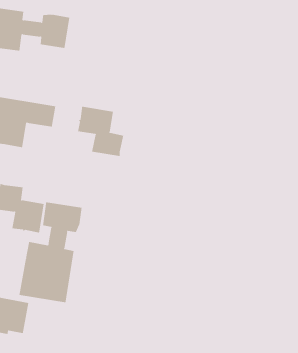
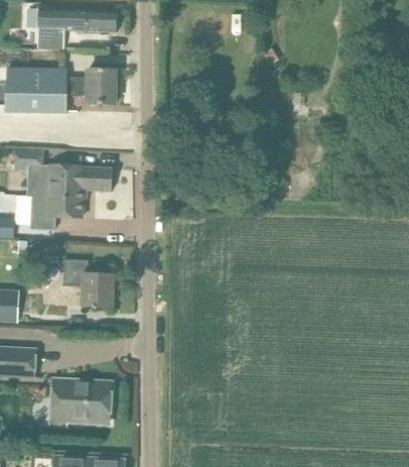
building: [77,106,124,157] -> none
building: [19,201,82,303] -> none

